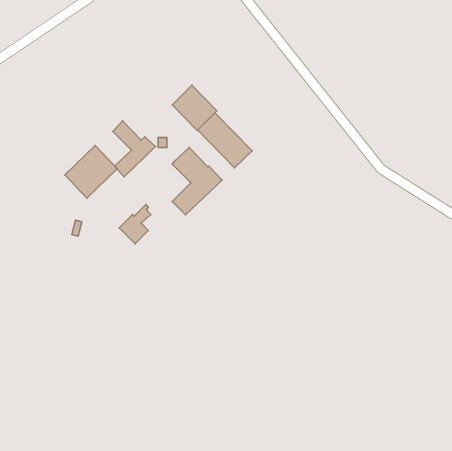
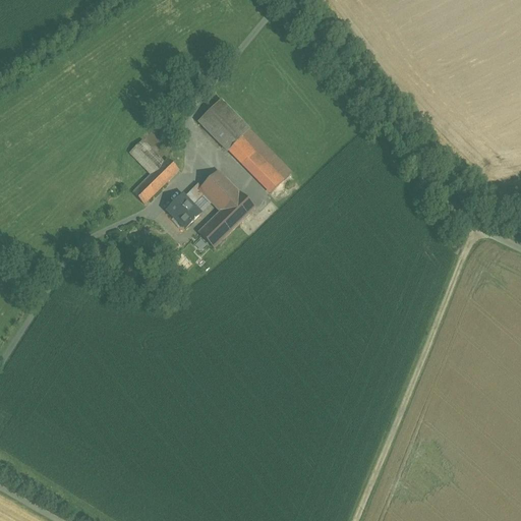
building: [65,145,117,198] -> none
building: [119,205,151,244] -> [166,182,202,227]

